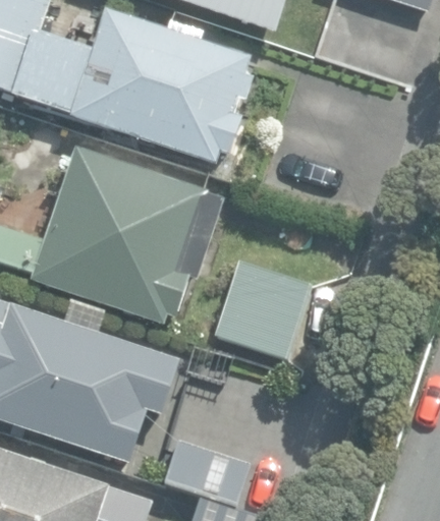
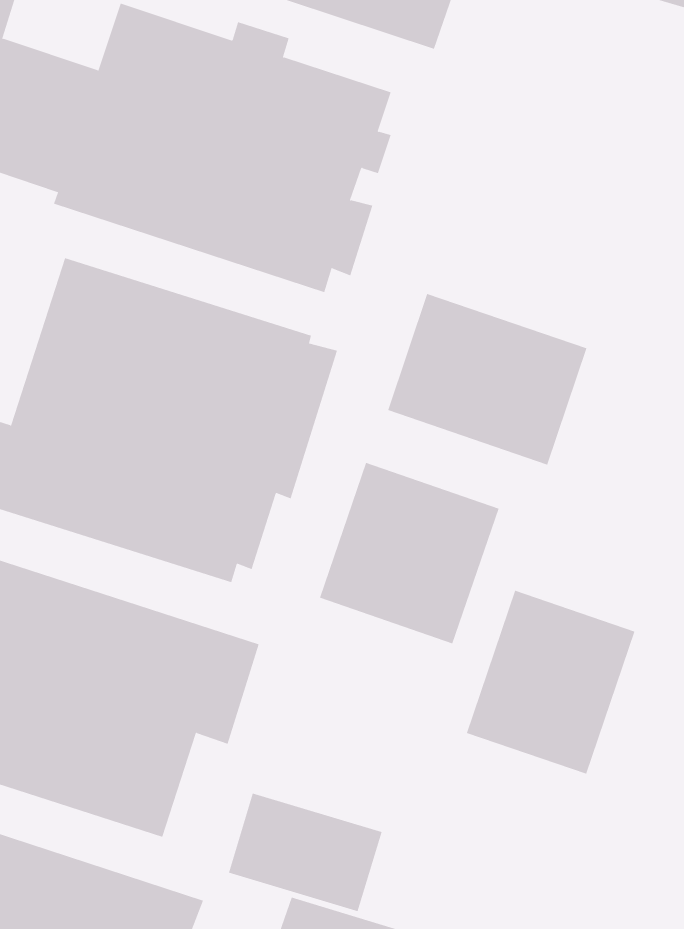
building: none -> [387,293,587,465]
building: none -> [466,590,635,775]

